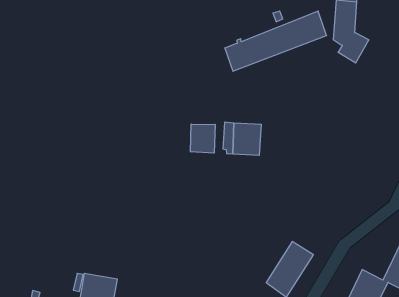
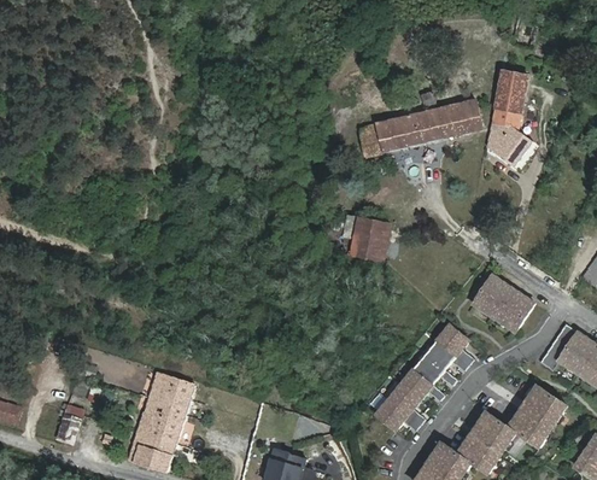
building: [190,124,215,153] -> none
building: none -> [468,270,532,330]
building: none -> [409,321,469,387]

